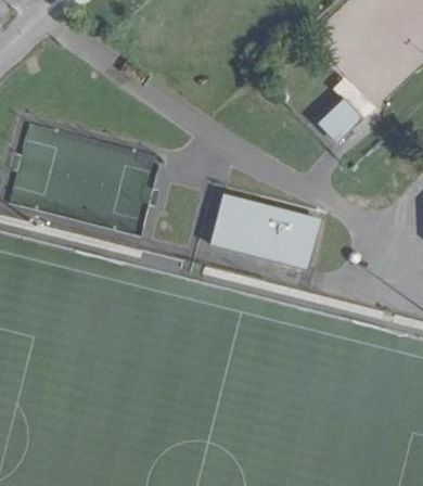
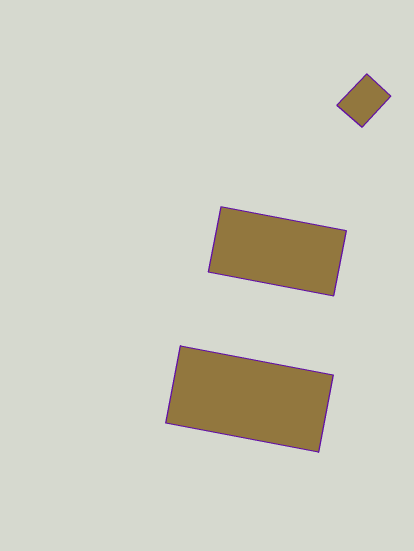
building: none -> [166,346,333,452]

